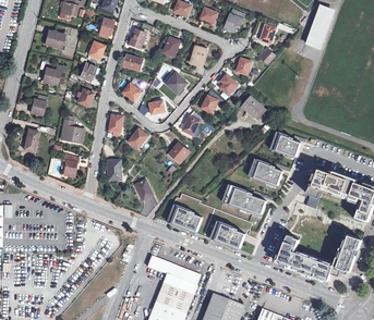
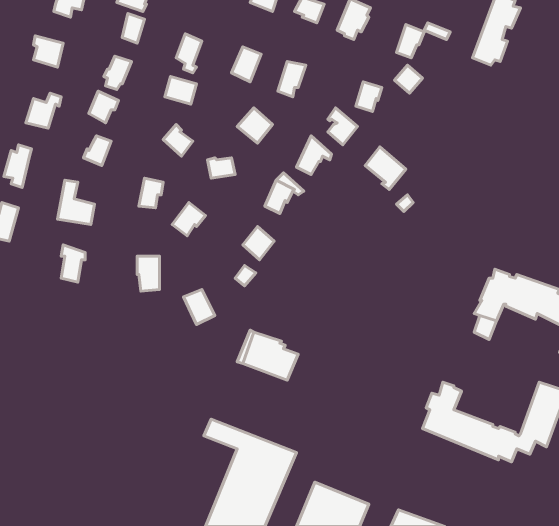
building: [273,132,301,159] -> none
building: [251,159,282,187] -> none
building: [225,184,266,216] -> none
building: [214,221,246,250] -> none

